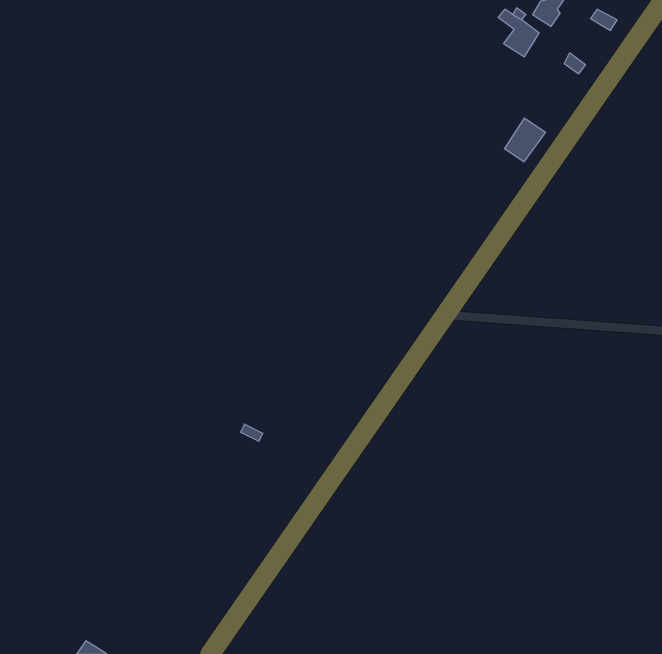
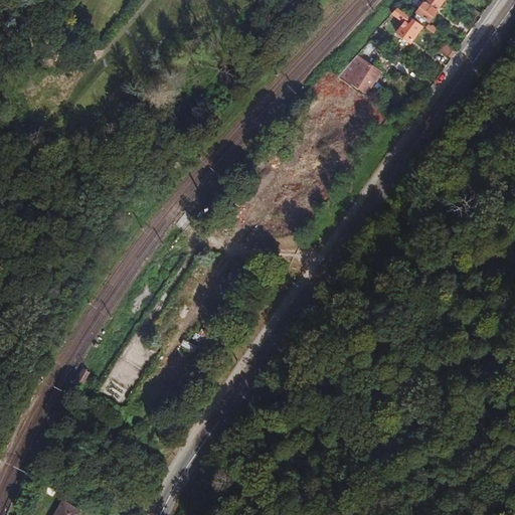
building: [504,118,545,162] -> [349,59,380,93]

